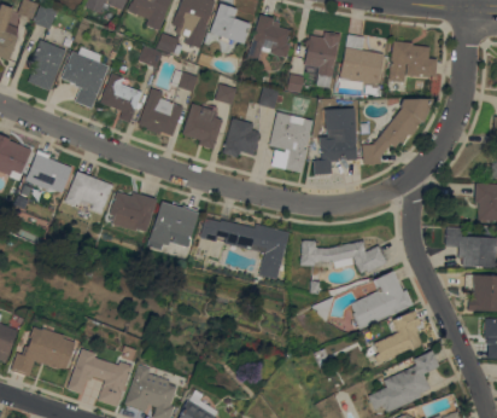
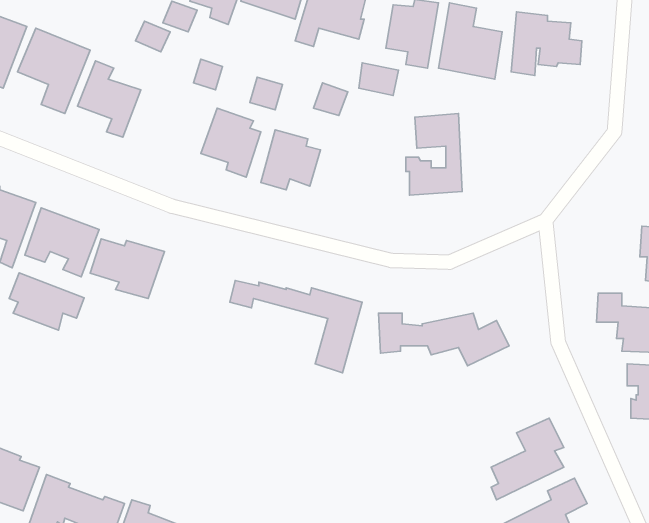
building: [140,87,182,135] -> none
building: [362,99,432,164] -> none
building: [270,112,312,173] -> none
building: [150,202,199,246] -> none
building: none -> [9,273,84,330]
building: [351,271,414,329] -> none

